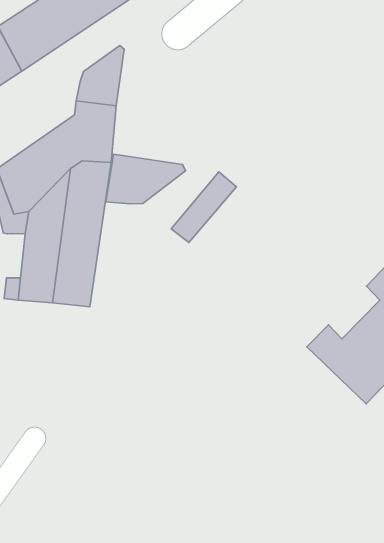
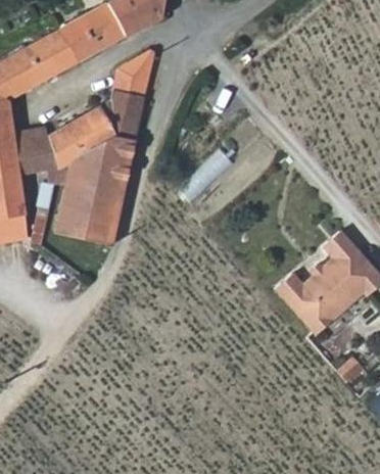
building: [106,154,186,204] -> none

